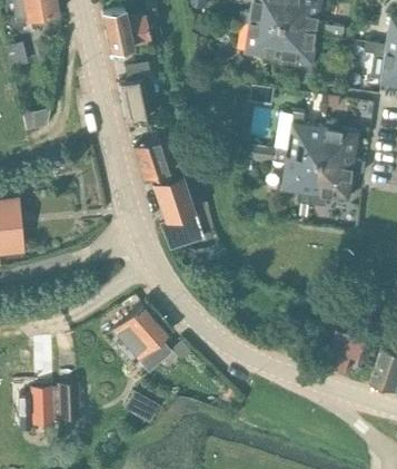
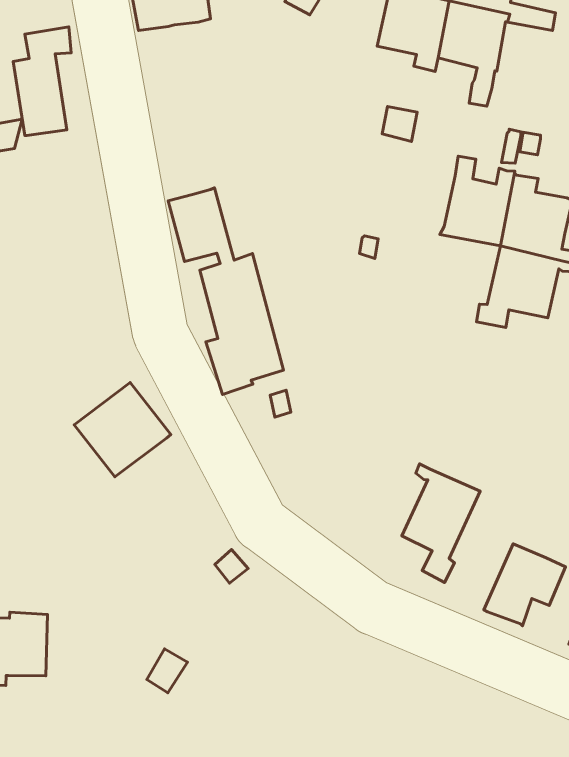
building: [118,61,150,124] -> [13,27,71,136]
building: [277,150,321,205] -> none
building: none -> [402,464,480,583]
building: [113,305,168,359] -> [74,383,171,477]

